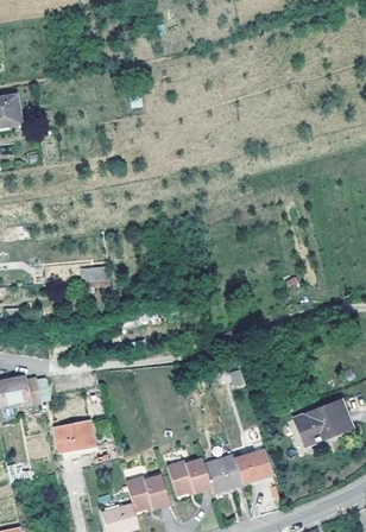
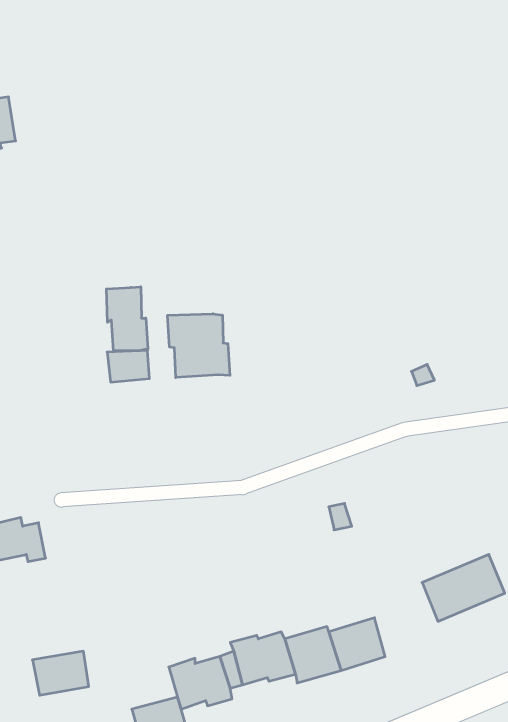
building: none -> [106,287,148,351]
building: none -> [168,314,230,378]
building: [55,424,93,454] -> [32,651,89,695]

